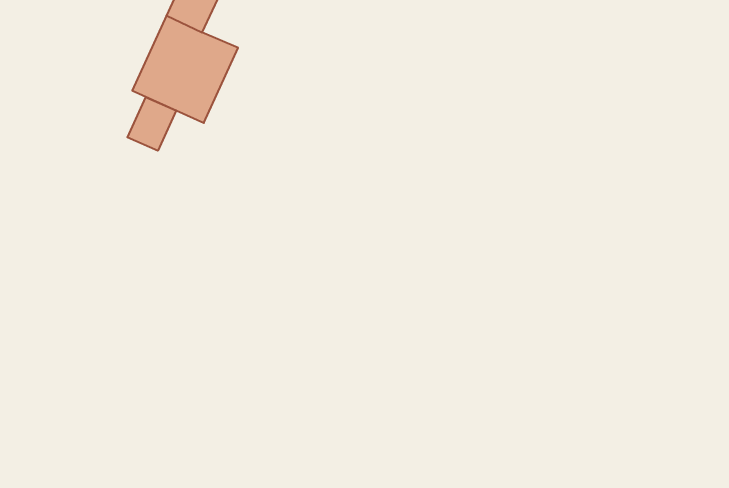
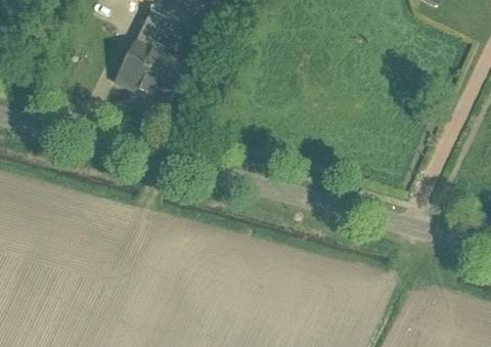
building: [127,97,176,151] -> none

